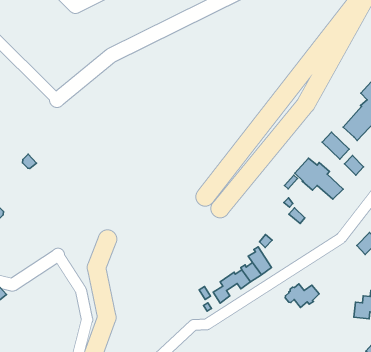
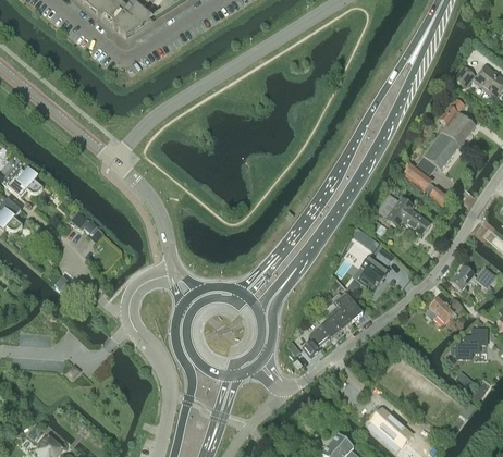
building: none -> [353,255,389,291]
building: [285,284,319,307] -> [426,297,462,322]

